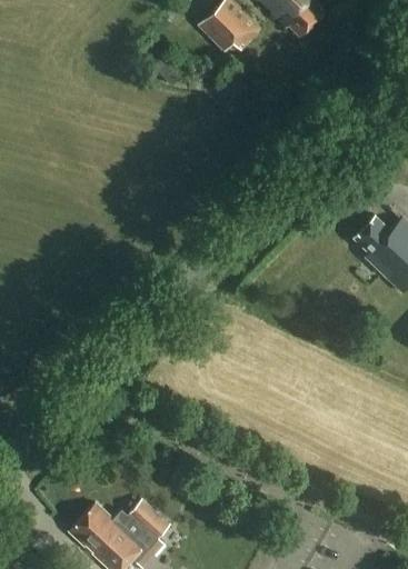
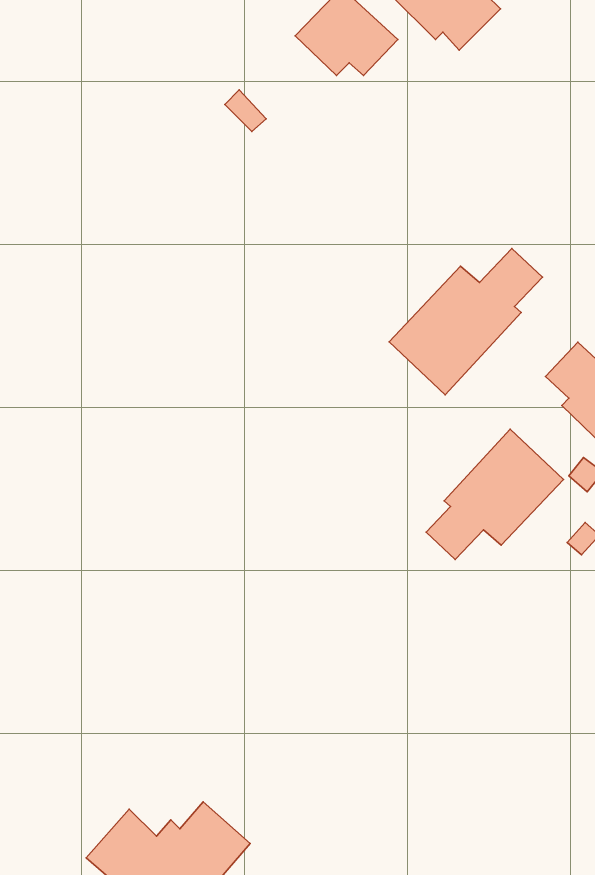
building: none -> [389,248,542,395]
building: none -> [426,429,563,559]

